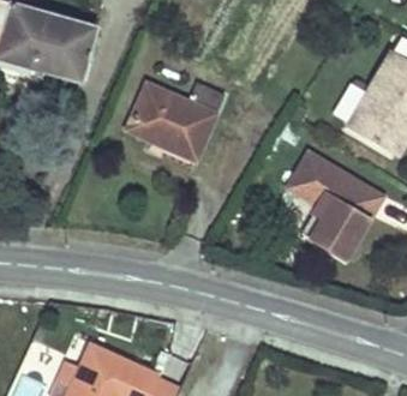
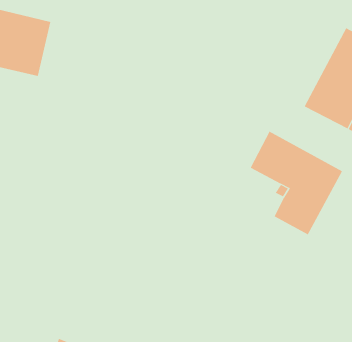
building: [127,84,225,158] -> none

